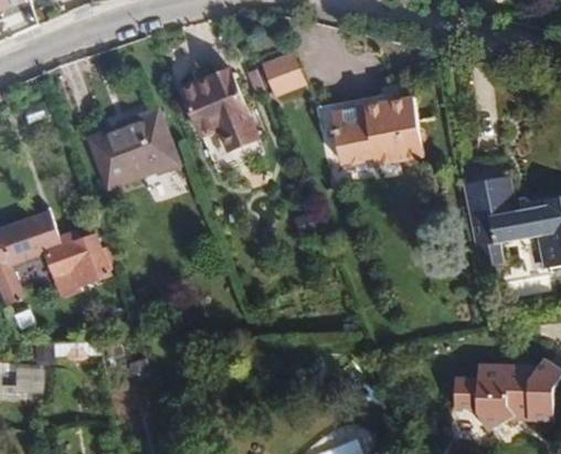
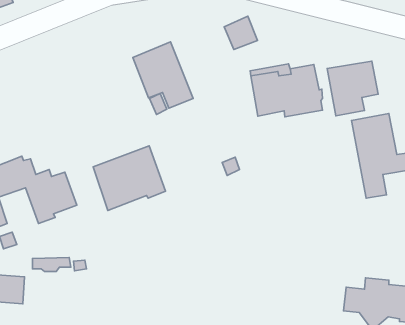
building: [260,52,301,94] -> [224,16,257,49]
building: none -> [327,61,378,116]
building: [88,108,180,190] -> [93,146,166,210]

